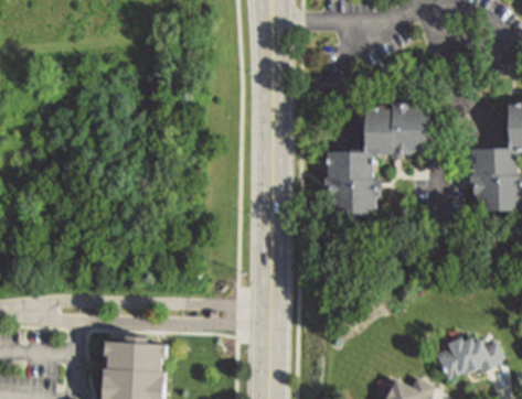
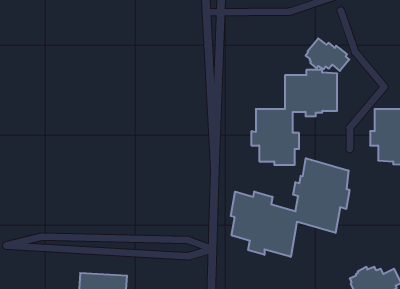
building: none -> [306,38,349,71]
building: none -> [231,158,349,257]

